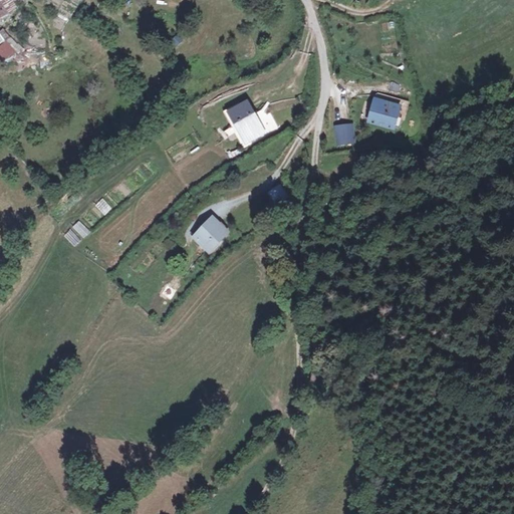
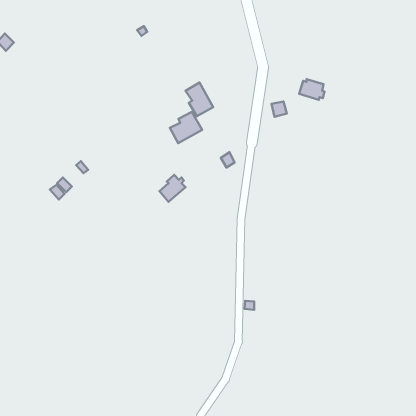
building: none -> [170,112,202,143]

